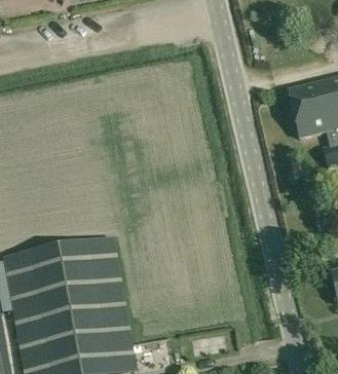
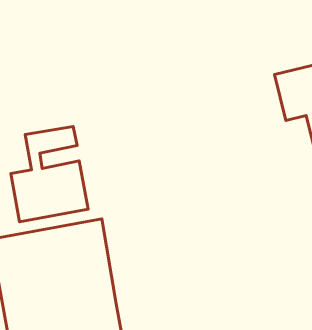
building: none -> [11,126,88,222]

